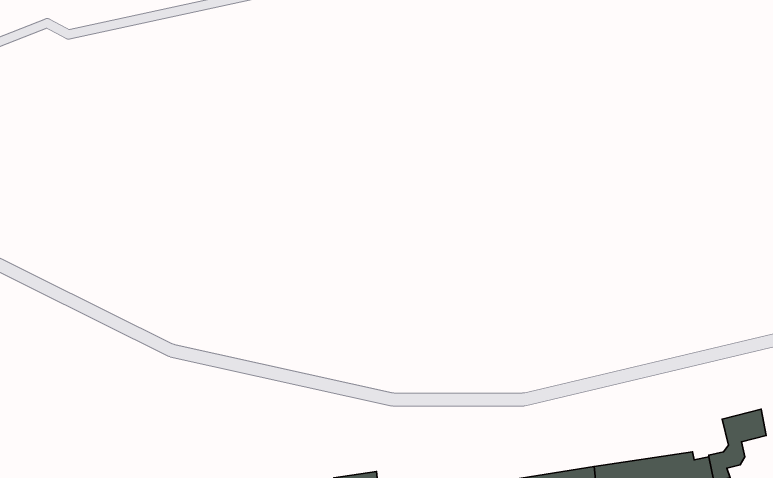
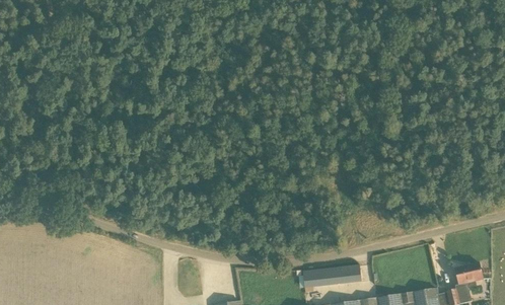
building: none -> [302,263,361,287]

